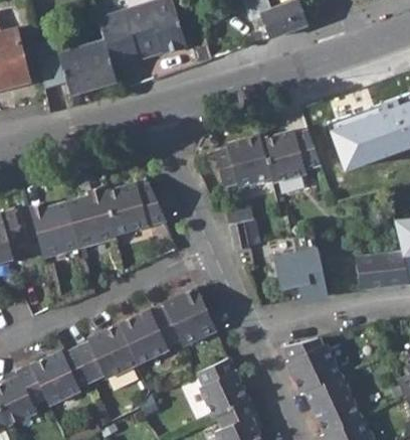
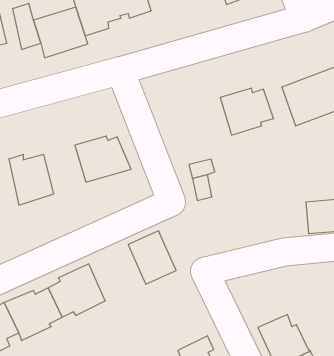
building: [216,136,273,187] -> none
building: [69,187,117,246] -> none
building: [277,232,327,298] -> none
building: [119,306,178,362] -> none
building: [283,337,340,393] -> none
building: [196,359,248,418] -> none

